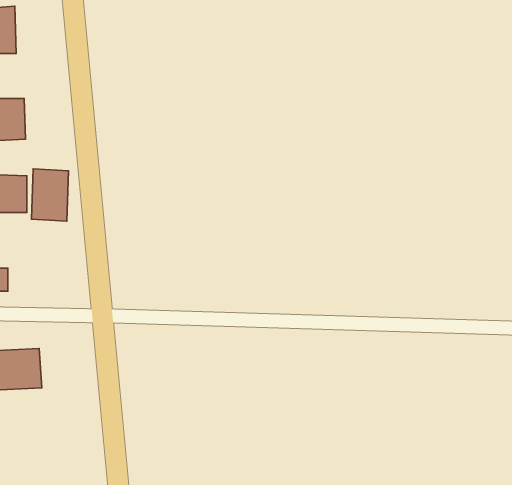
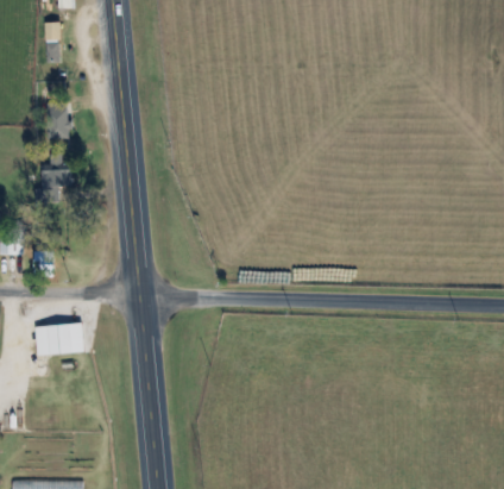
building: [31,169,69,221] -> none

